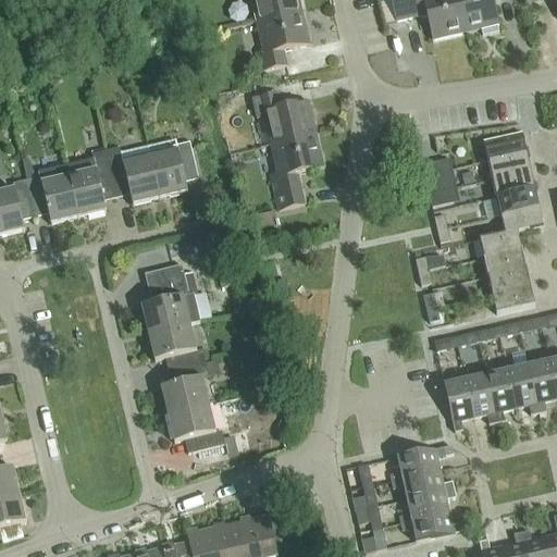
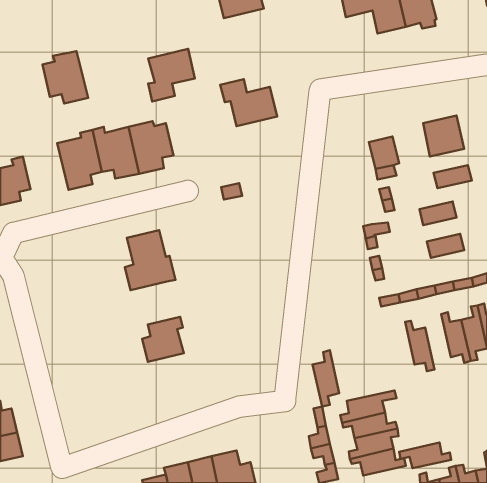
building: [256,10,309,70] -> [148,49,195,101]
building: [270,133,324,208] -> none
building: [26,163,78,223] -> [42,51,88,104]
building: [491,170,534,197] -> none
building: [499,206,543,233] -> none
building: [483,248,525,275] -> none
building: [492,285,534,312] -> none
building: [149,321,206,370] -> none
building: [485,358,515,421] -> none
building: [443,367,473,431] -> [313,350,339,407]
building: [169,403,224,446] -> none
building: none -> [399,442,451,468]

